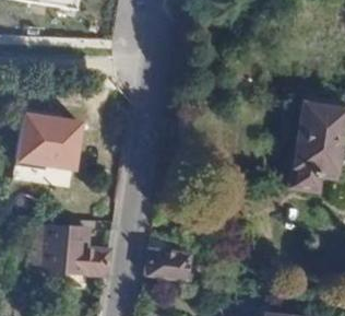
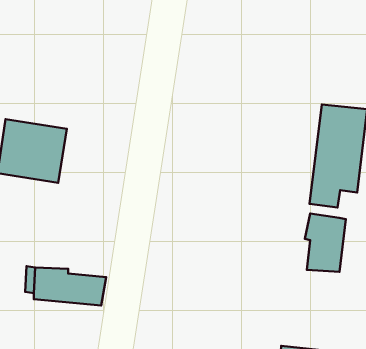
building: none -> [305,213,346,272]
building: [147,248,189,278] -> none

